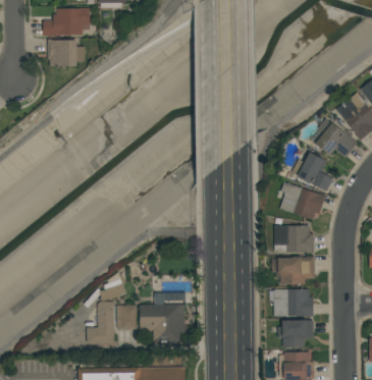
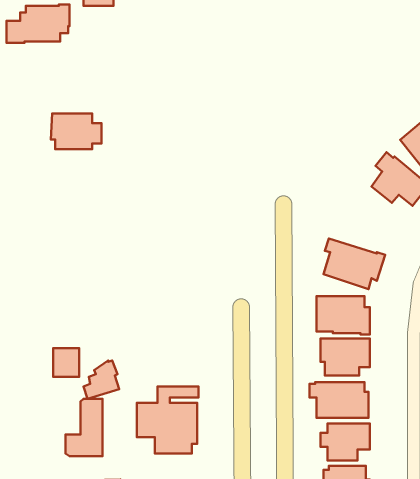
building: [47,40,85,66] -> [51,113,102,149]
building: [290,152,333,192] -> none
building: [117,306,137,327] -> [53,348,79,377]

